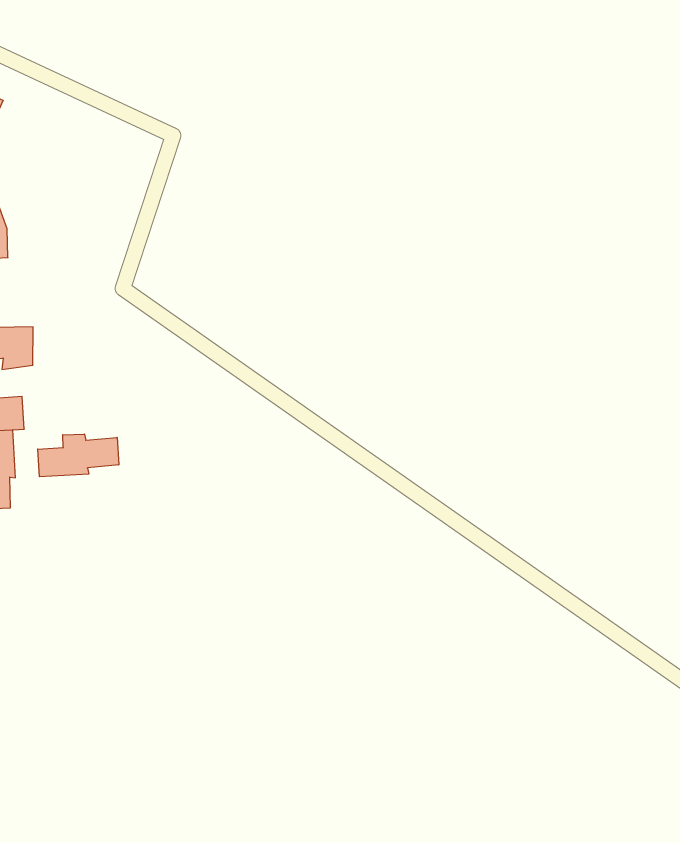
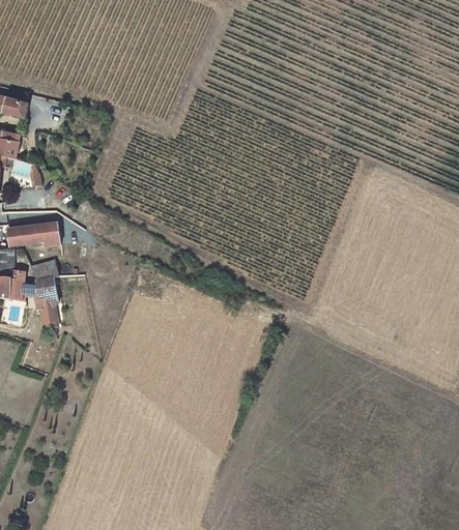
building: [38,434,119,477] -> none

